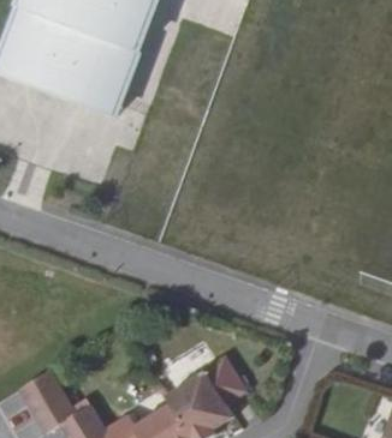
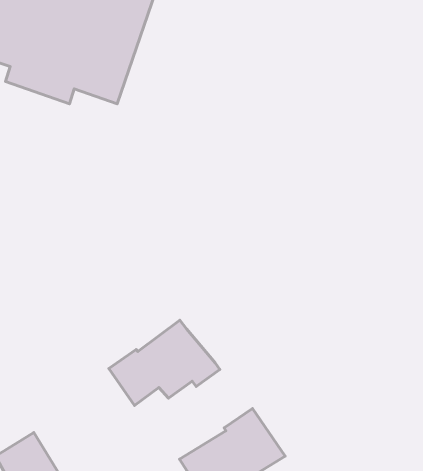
building: none -> [109,320,220,406]

